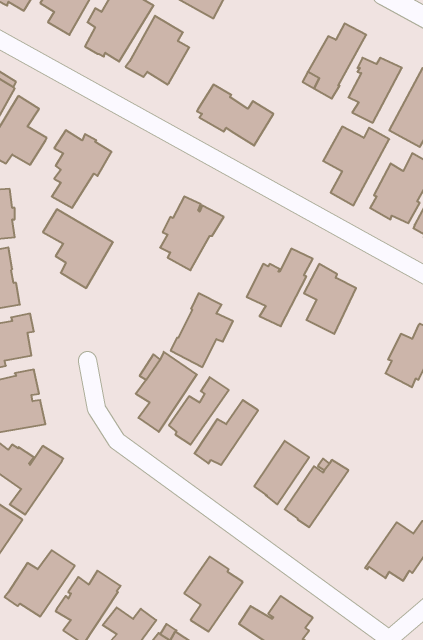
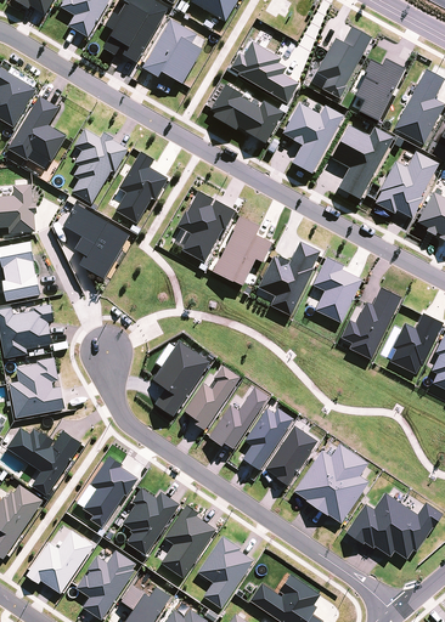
building: none -> [231,41,299,103]
building: none -> [282,103,344,174]
building: none -> [116,152,169,224]
building: [171,293,233,367] -> [213,216,272,287]
building: none -> [340,288,401,360]
building: none -> [243,407,293,469]
building: none -> [317,453,370,522]
building: none -> [83,456,139,527]
building: none -> [123,487,181,554]
building: none -> [347,492,401,547]
building: none -> [162,504,216,577]

